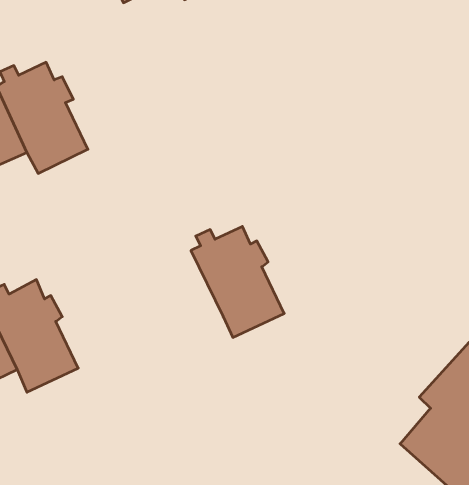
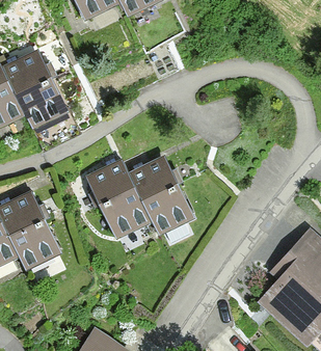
building: none -> [89,158,150,234]

